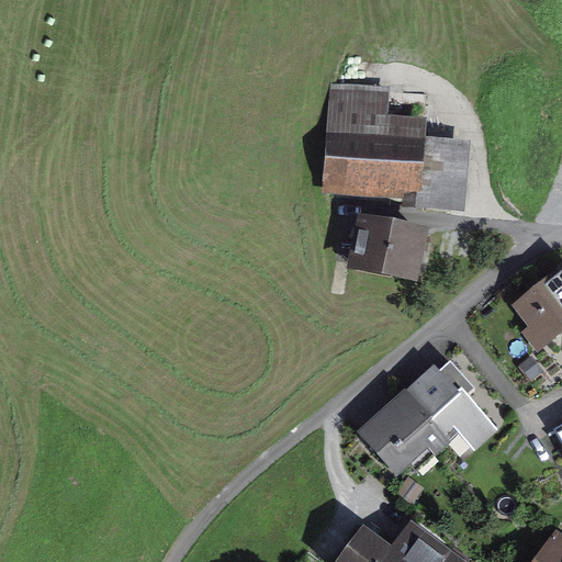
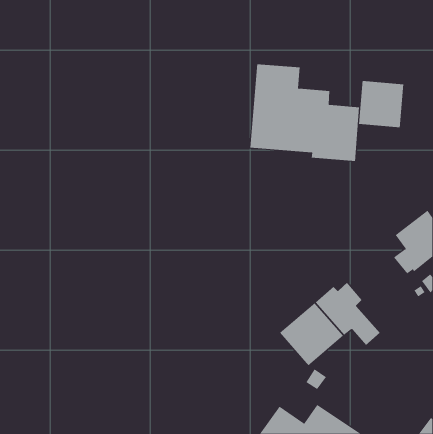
building: none -> [359,80,404,128]
building: [345,211,426,278] -> none

